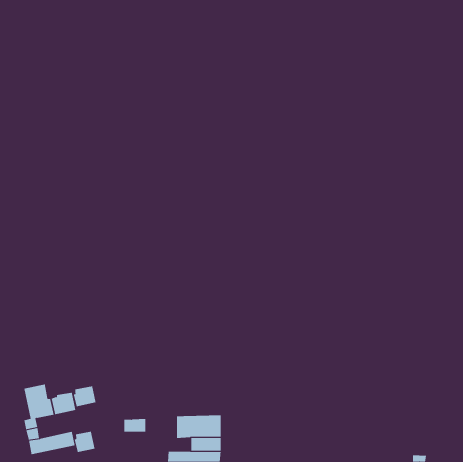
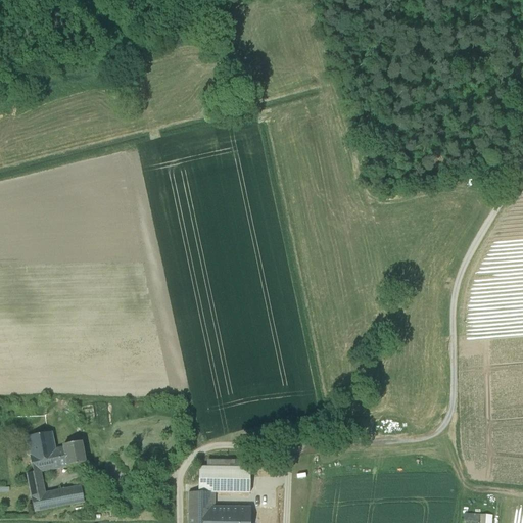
building: [73,385,96,407] -> none
building: [124,418,146,432] -> [190,492,216,508]
building: [74,431,95,453] -> none

